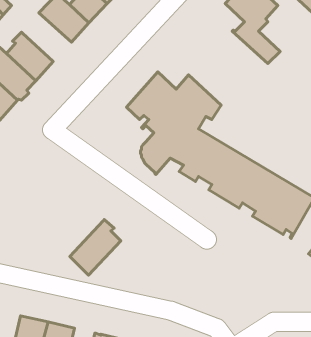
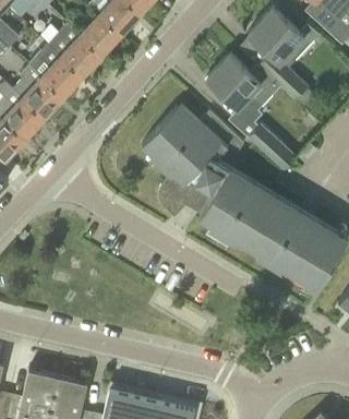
building: none -> [31,45,83,97]
building: none -> [205,55,266,123]
building: none -> [246,123,296,170]
building: [70,220,121,275] -> none

